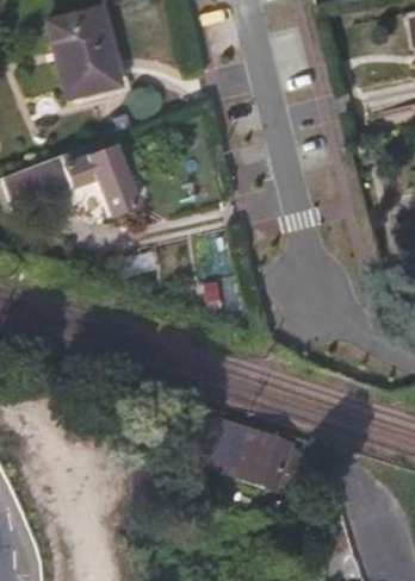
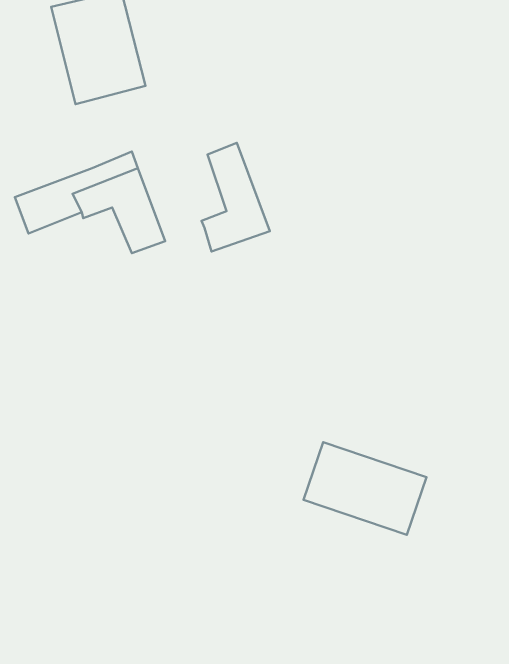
building: none -> [201,143,270,251]
building: [193,417,290,489] -> [303,442,426,535]

